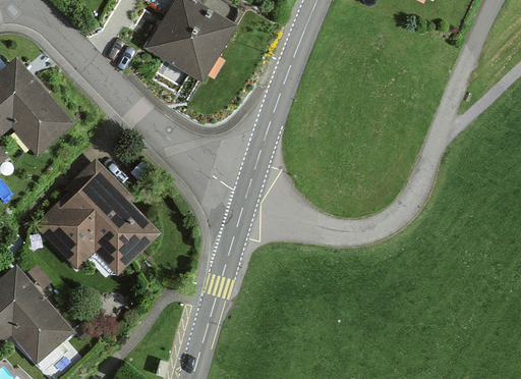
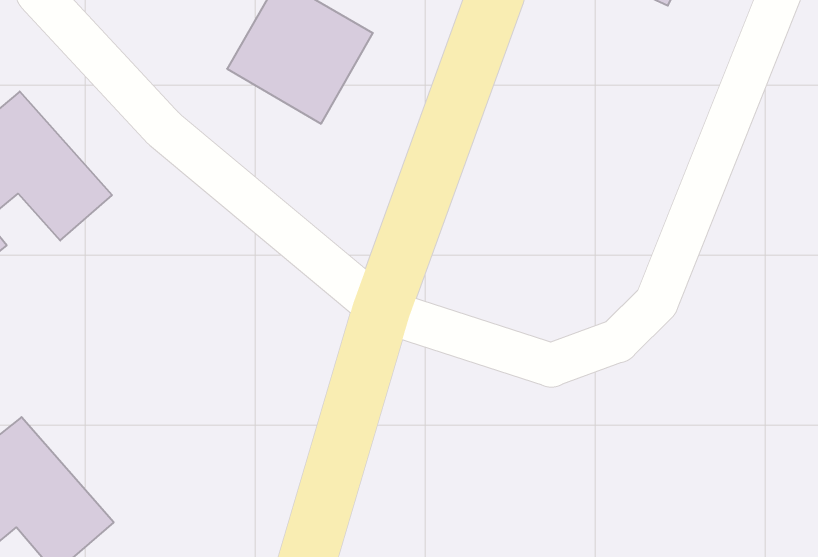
building: [37,163,160,272] -> none

